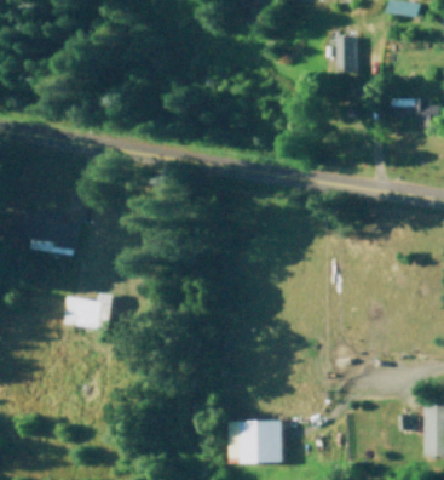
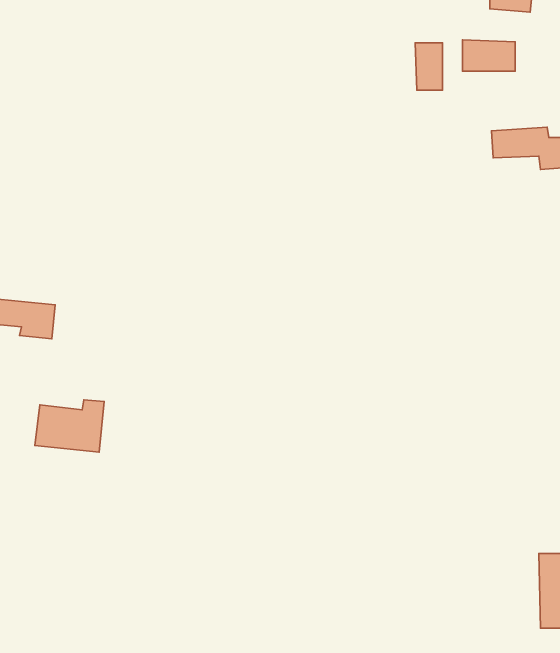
building: none -> [463,40,515,71]
building: [225,419,284,465] -> none

